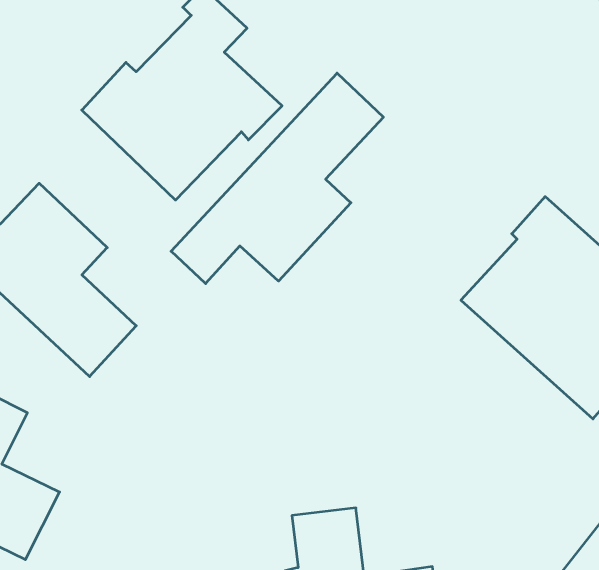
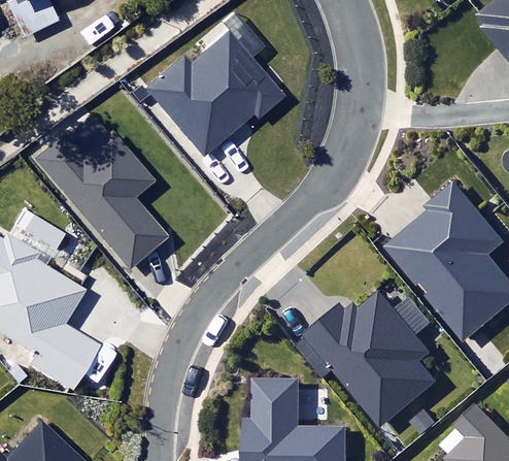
building: [171,73,383,284] -> none
building: none -> [308,291,437,426]

